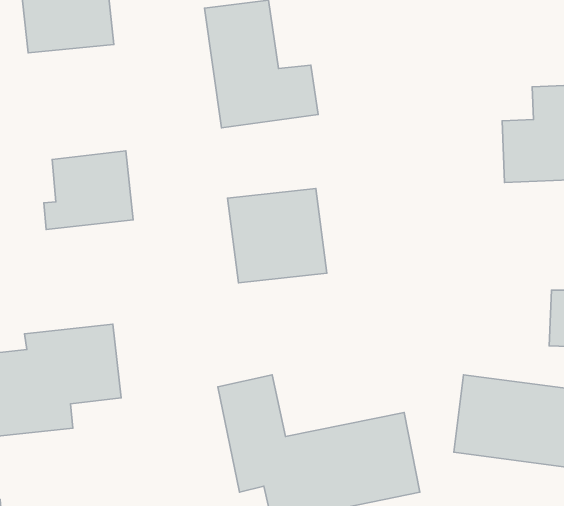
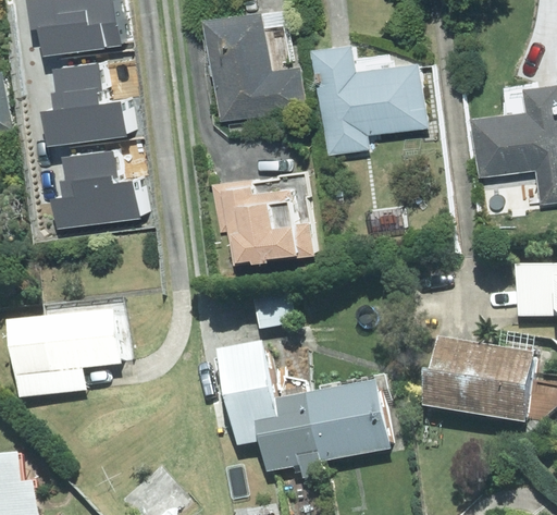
building: none -> [312,41,429,152]
building: none -> [51,58,131,132]

